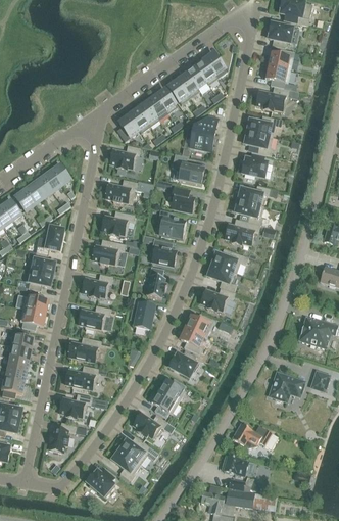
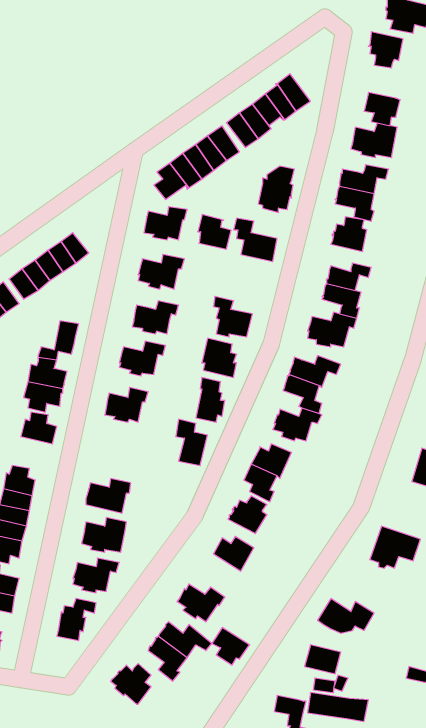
building: [268,49,294,70] -> none
building: [171,187,194,211] -> [198,214,231,249]
building: [78,305,110,330] -> none
building: [19,309,45,331] -> none
building: [151,391,178,418] -> [212,628,250,665]

